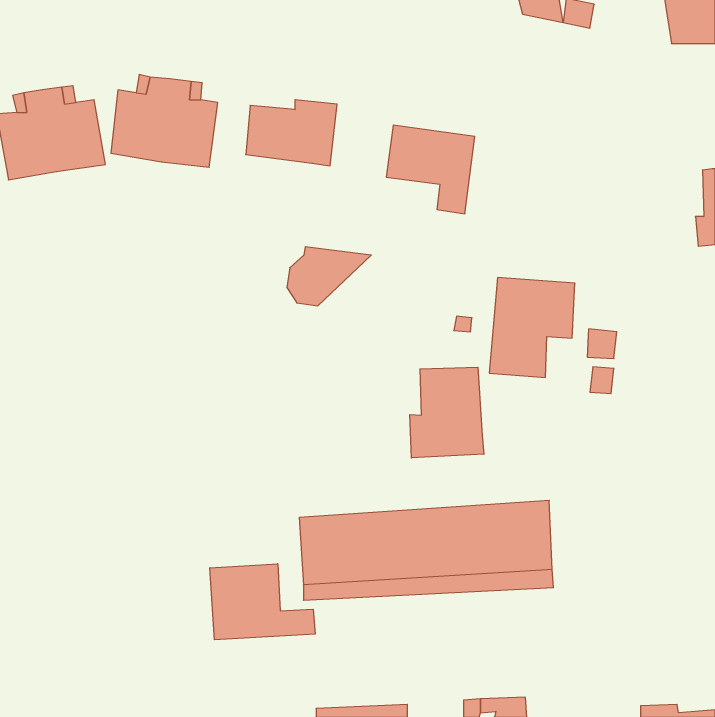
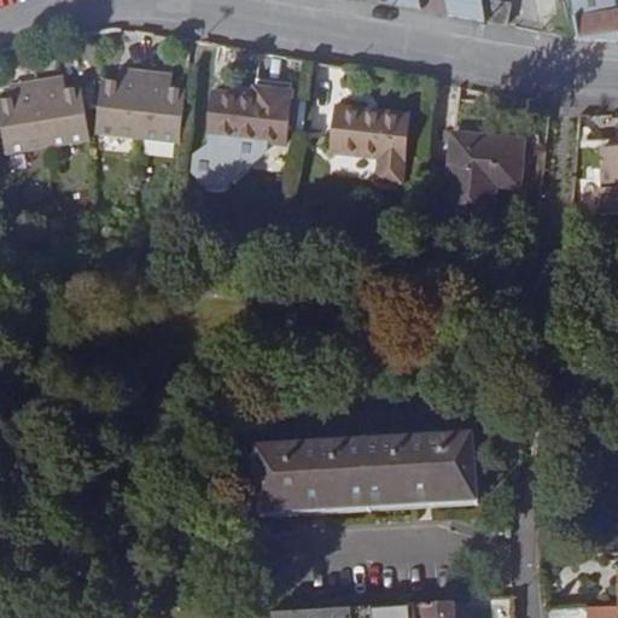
building: [287,247,371,306] -> [196,133,268,183]
building: [489,278,575,377] -> [447,134,520,220]
building: [410,367,484,458] -> none
building: [210,564,315,640] -> none

